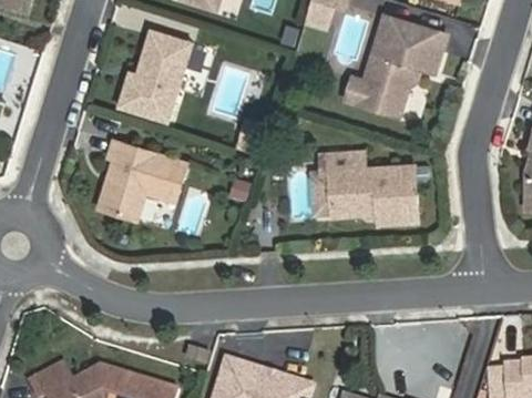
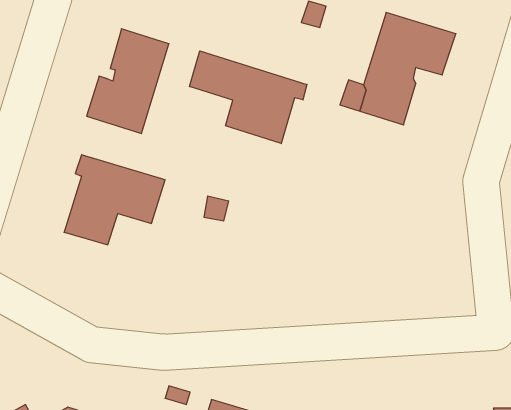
building: none -> [190,51,307,144]
building: [317,150,416,224] -> none

